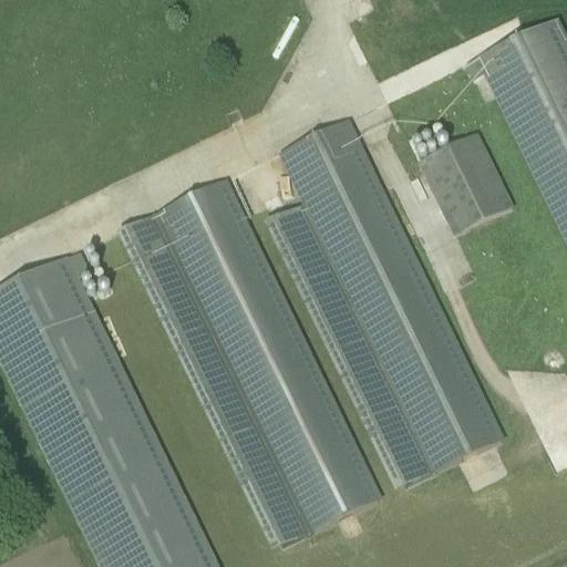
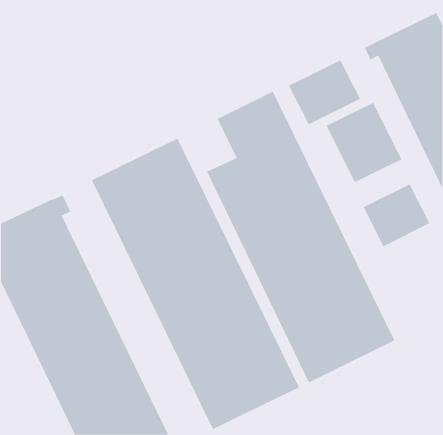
building: none -> [288,59,361,125]
building: none -> [363,183,430,247]

